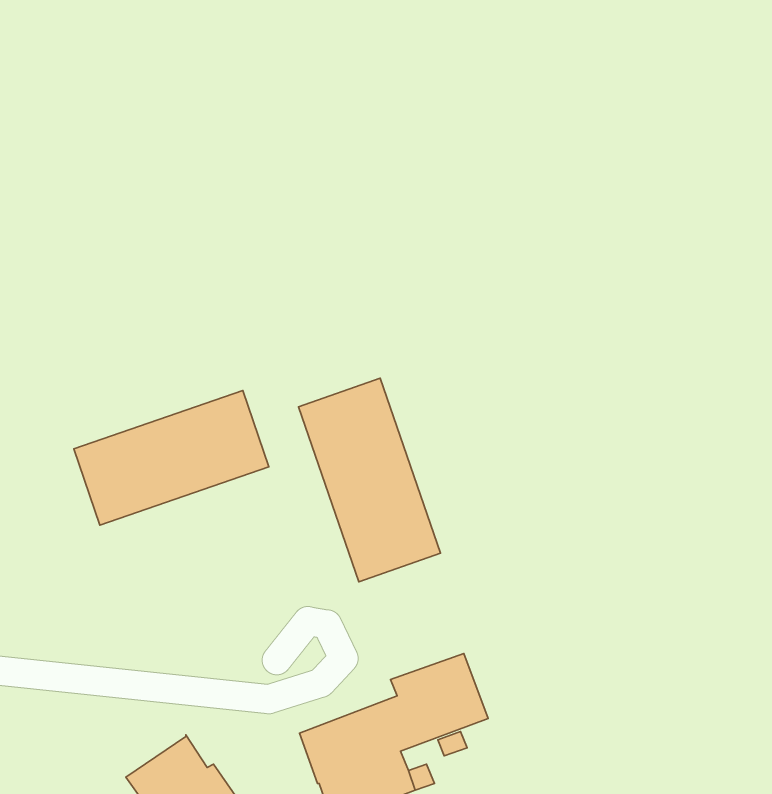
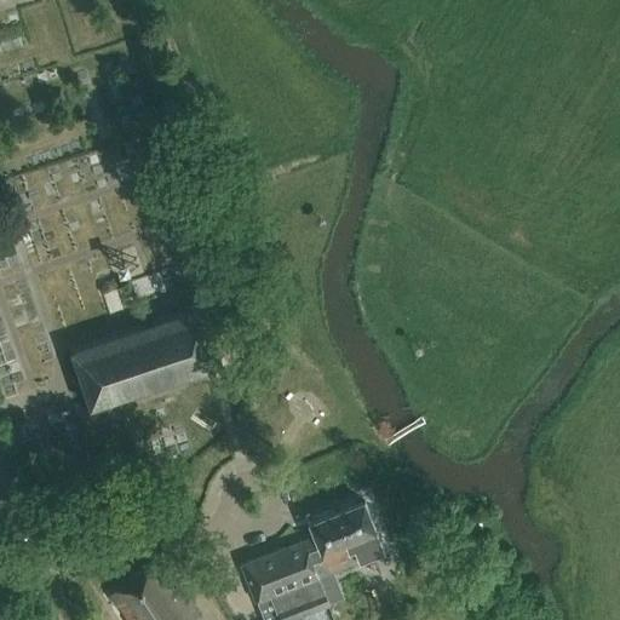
building: [298,378,441,582] -> none

